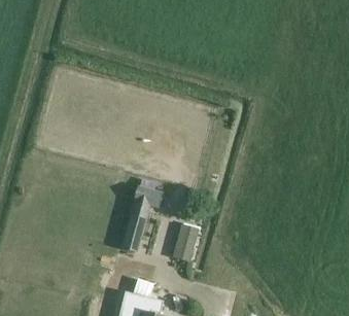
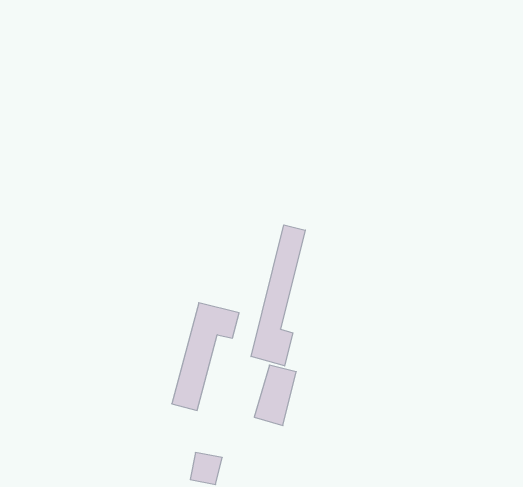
building: none -> [251,225,305,366]

